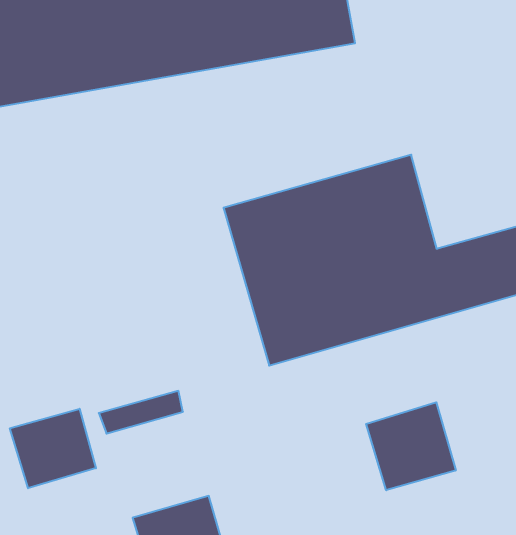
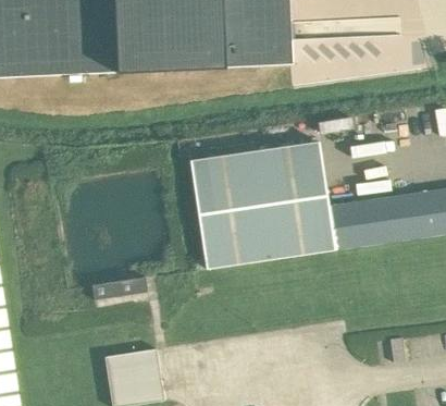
building: [366,402,456,490] -> none
building: [10,409,96,488] -> none

